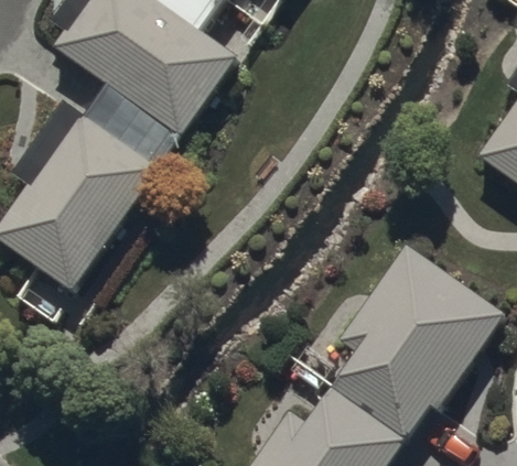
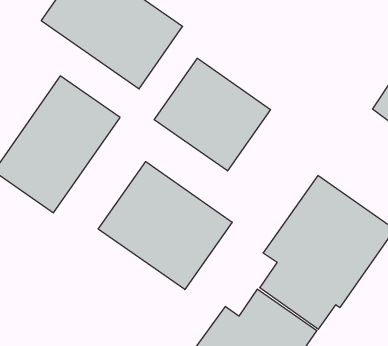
building: none -> [154,58,270,171]
building: none -> [98,162,232,290]

